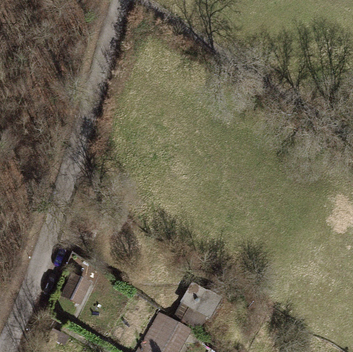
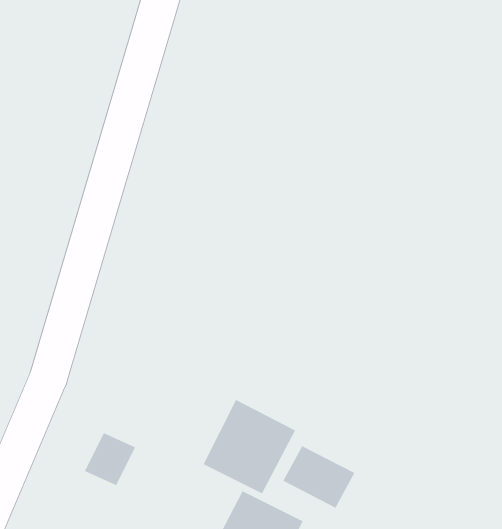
building: none -> [203,399,296,494]

